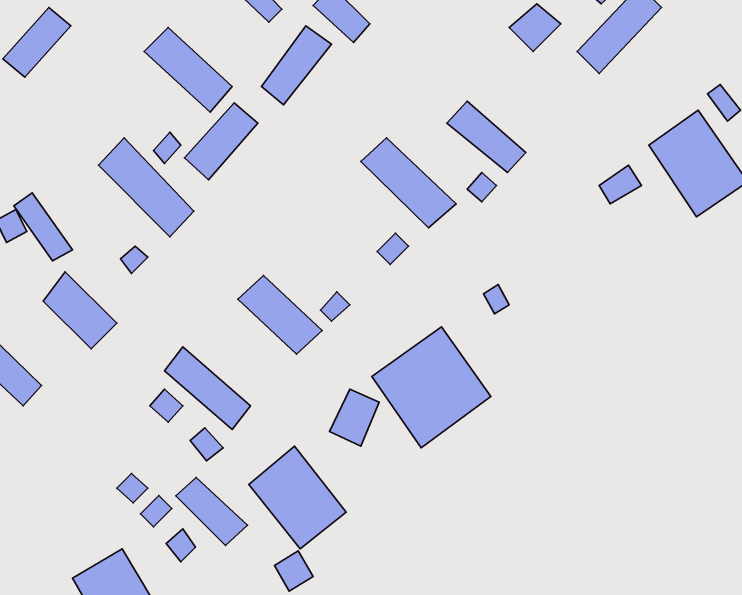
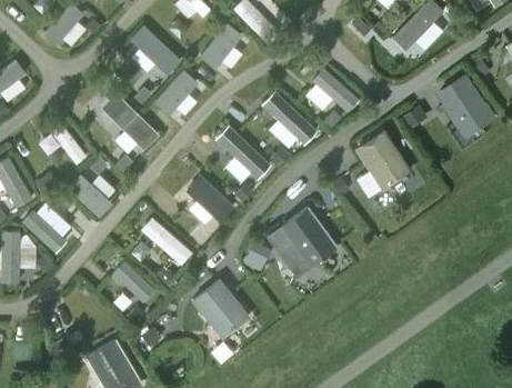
building: none -> [217,125,272,178]
building: none -> [357,128,412,190]
building: [176,478,247,545] -> [110,261,153,302]

